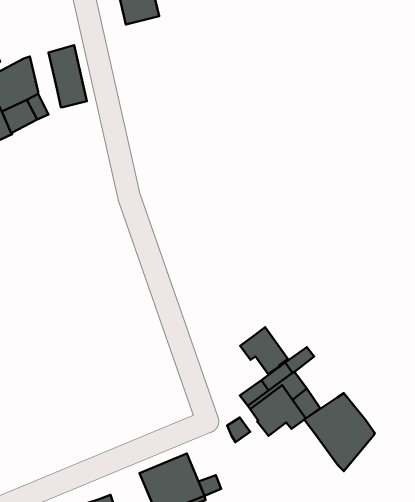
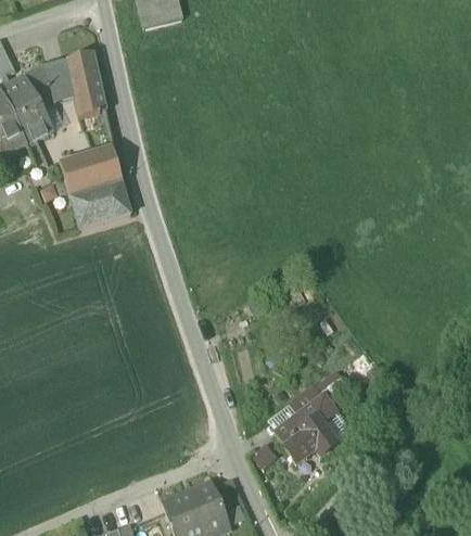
building: none -> [46,59,74,102]
building: none -> [59,144,130,228]
building: [240,327,288,374] -> none
building: [304,393,375,471] -> none

